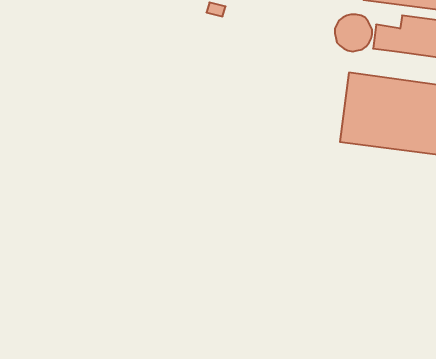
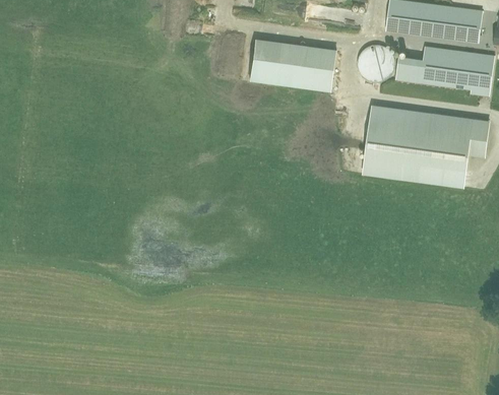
building: none -> [250,39,338,91]

